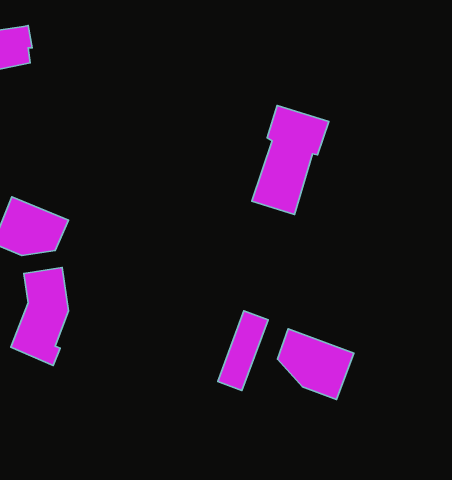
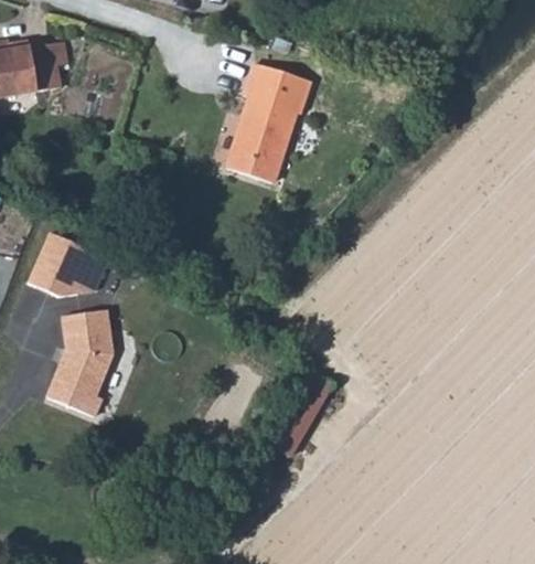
building: [252,105,329,214] -> [225,63,309,182]
building: [277,329,354,399] -> none

